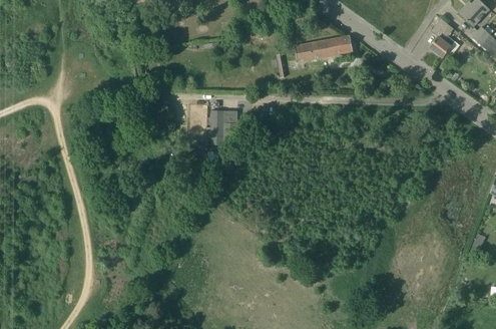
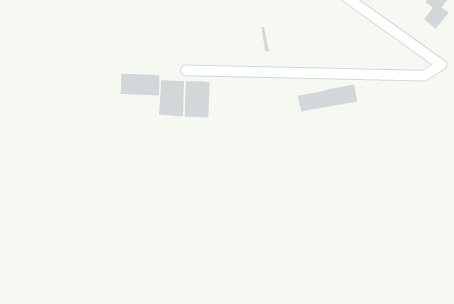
building: [294,35,352,62] -> [296,84,358,113]
building: none -> [120,73,160,96]

